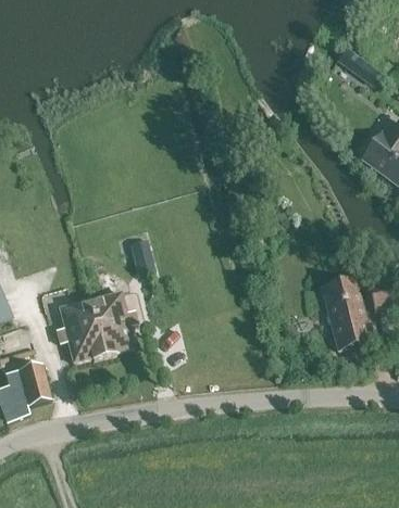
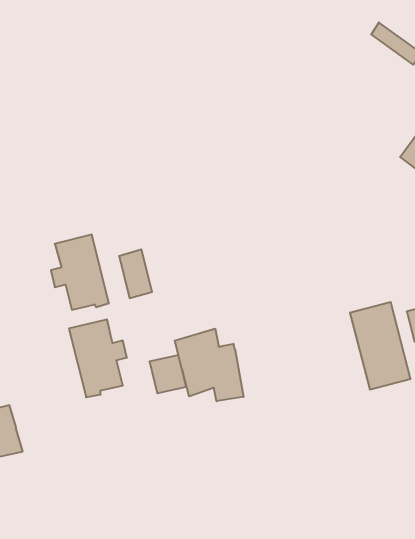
building: none -> [175,329,244,401]
building: [55,299,103,360] -> [51,234,109,310]

